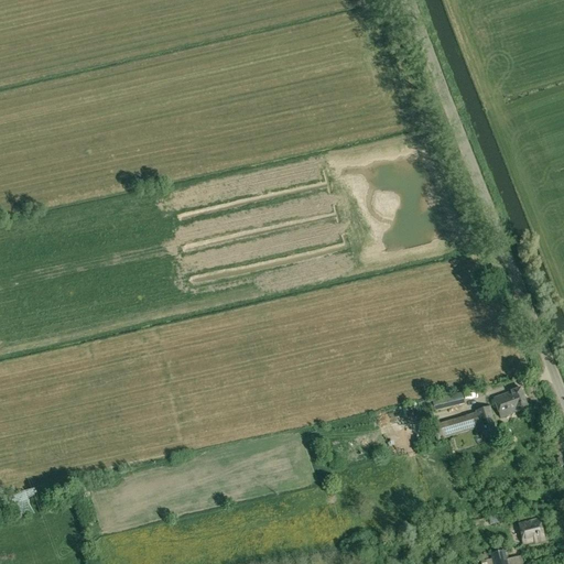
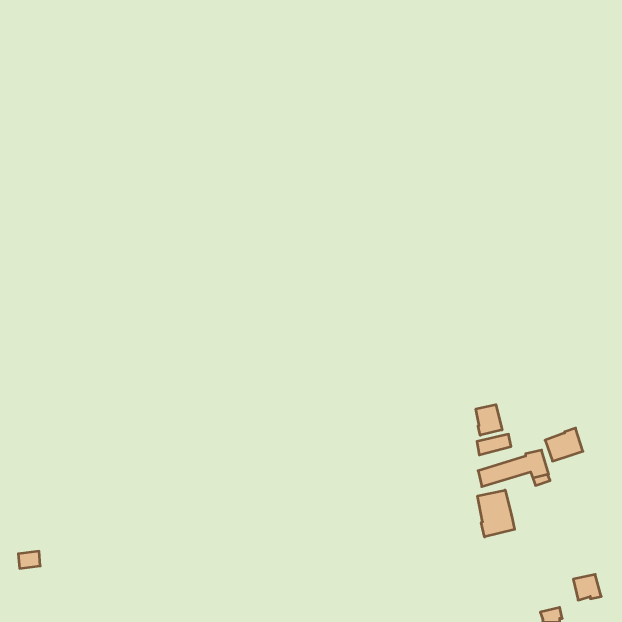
building: none -> [476,405,502,435]
building: none -> [478,490,515,537]

